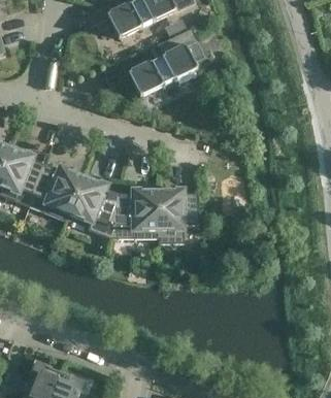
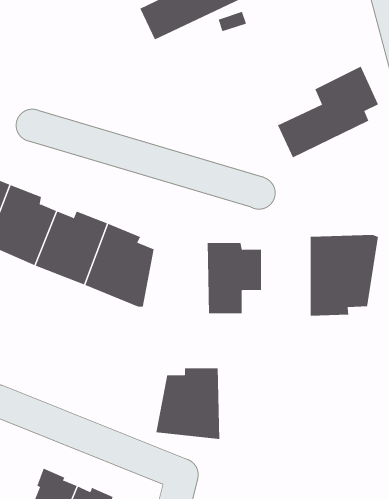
building: [130,28,206,97] -> [277,66,379,158]
building: none -> [310,234,378,317]
building: [111,190,160,243] -> [155,368,220,439]

